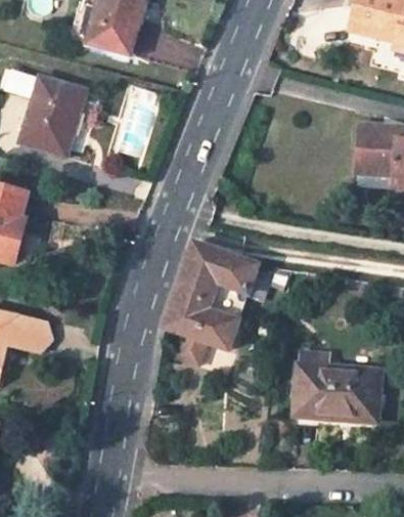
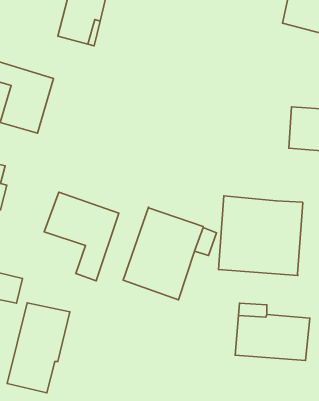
building: none -> [44,192,119,281]
building: none -> [218,196,303,275]
building: none -> [7,303,70,393]

